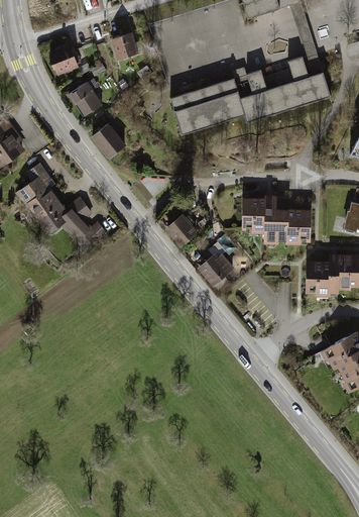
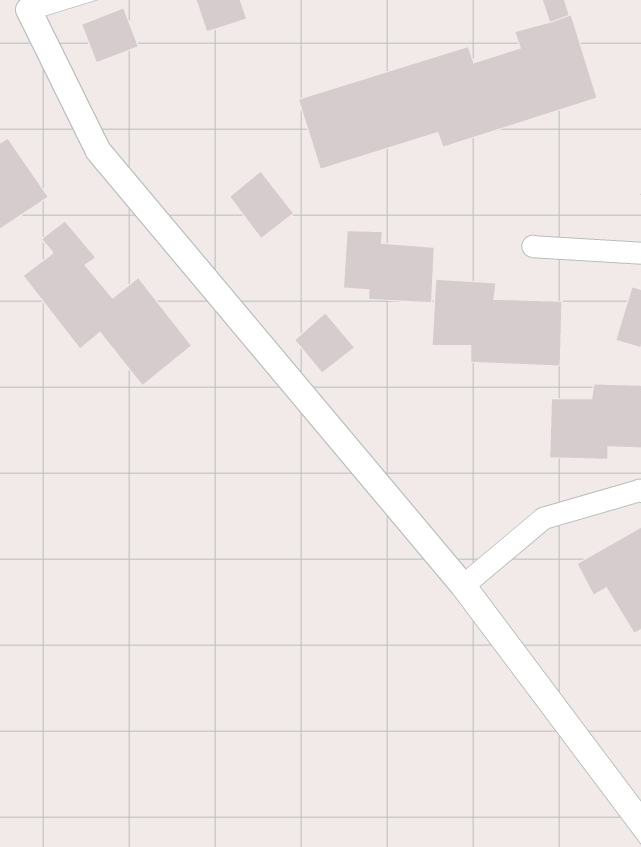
building: [67,82,102,117] -> none
building: [90,121,125,159] -> [230,171,294,239]
building: none -> [344,230,434,303]
building: [197,250,234,286] -> none

